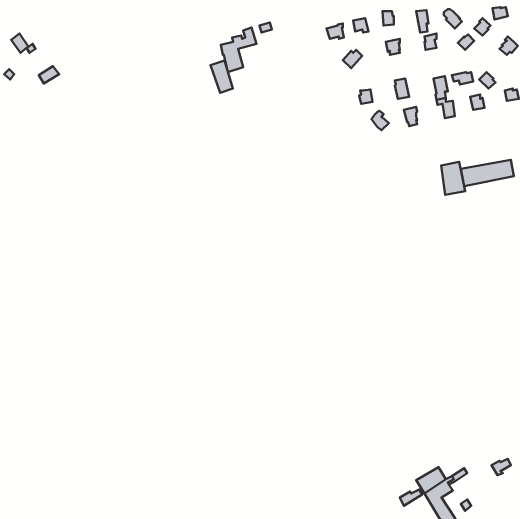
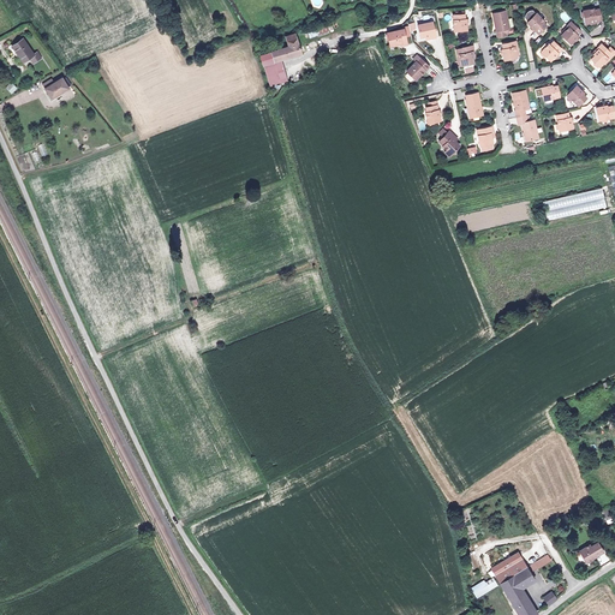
building: [210,60,233,93] -> none
building: [441,162,465,195] -> none

